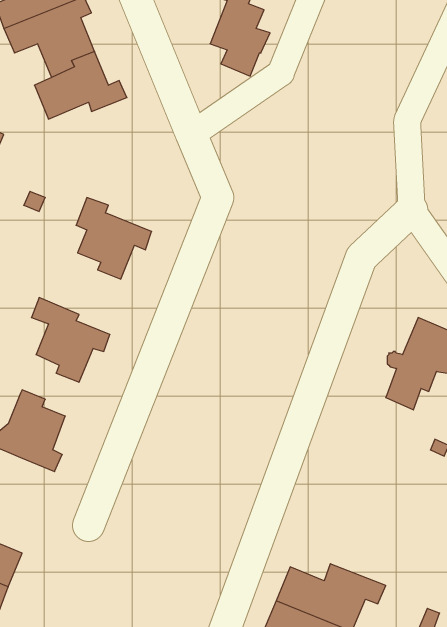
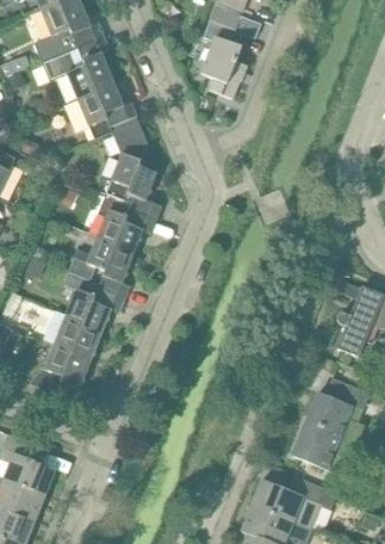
building: none -> [105,116,161,220]
building: none -> [68,236,131,299]
building: none -> [43,310,99,363]
building: none -> [292,377,370,474]

